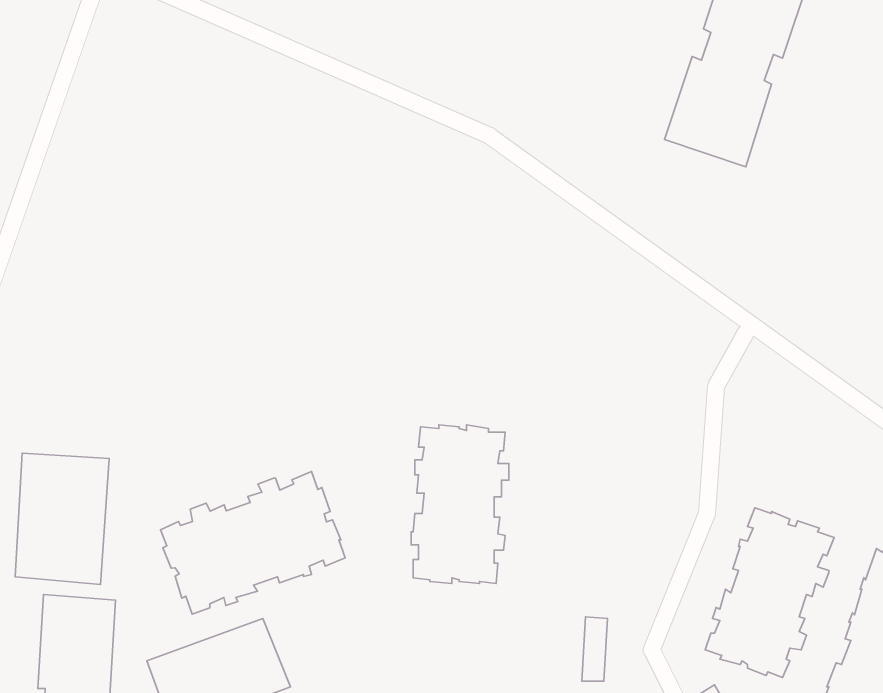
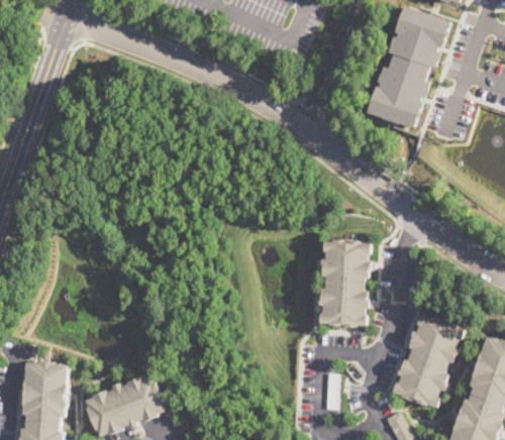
building: [411,425,509,583] -> [318,239,372,326]
building: [15,453,109,585] -> none
building: [160,472,345,614] -> none

